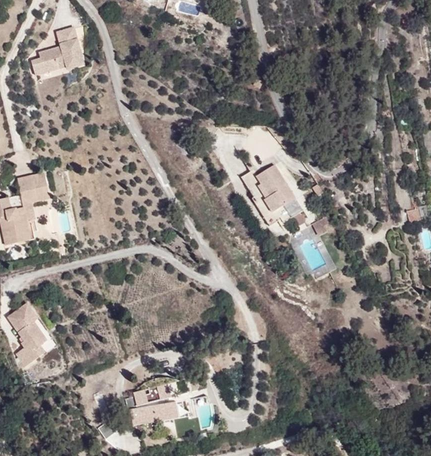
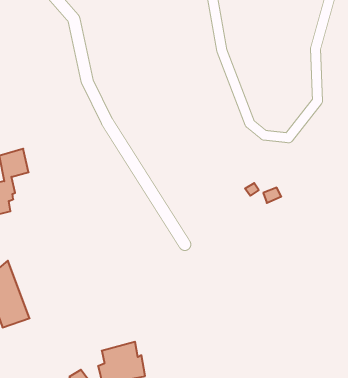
building: [31,26,83,74] -> none
building: [253,160,296,213] -> none

